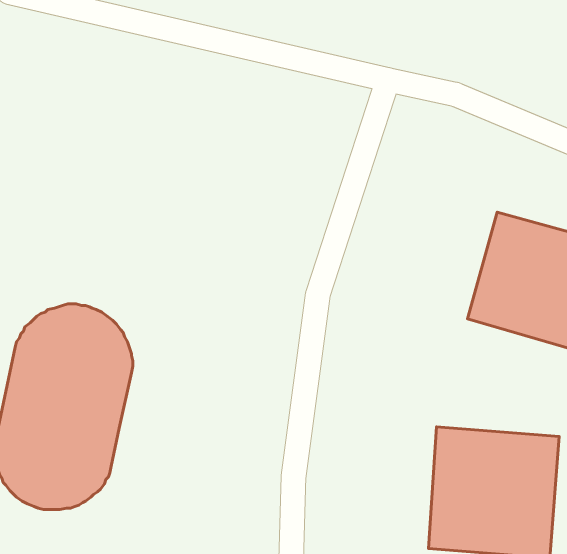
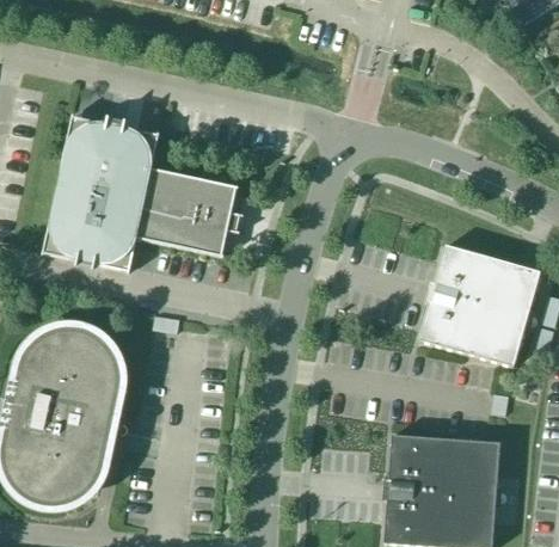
building: none -> [42,115,239,270]

